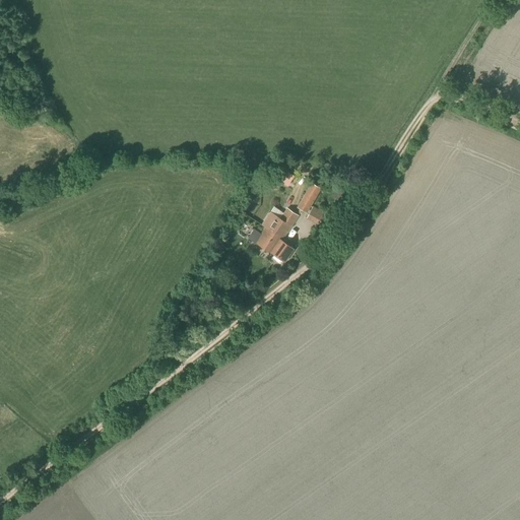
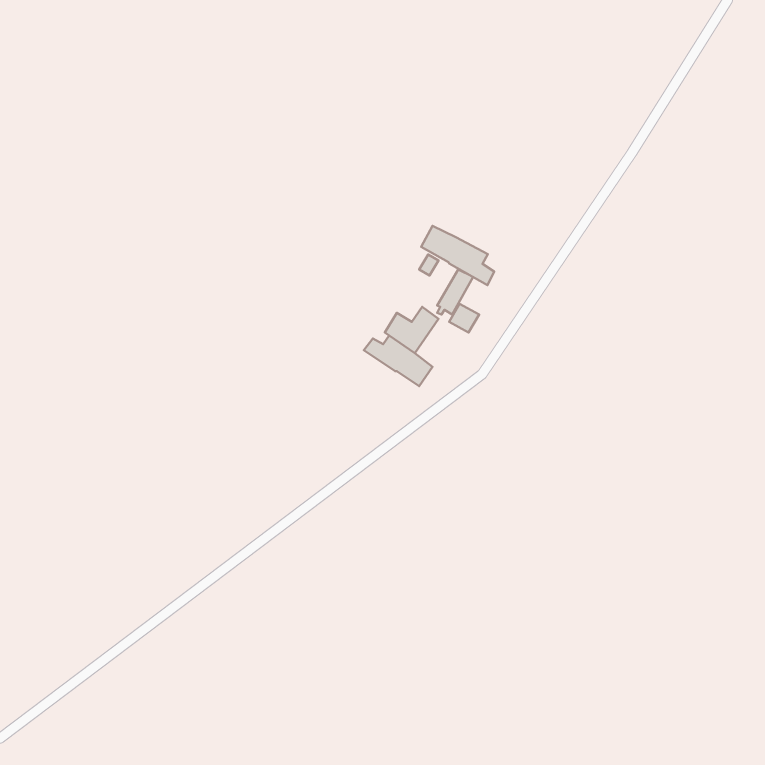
building: none -> [421,226,494,285]

